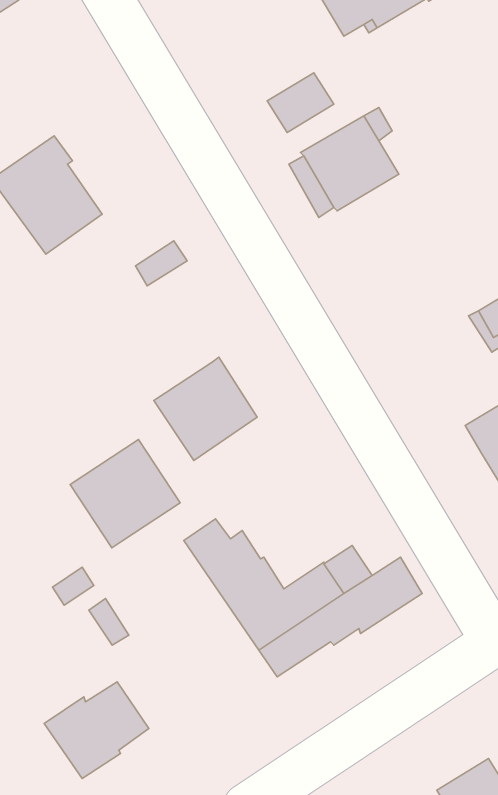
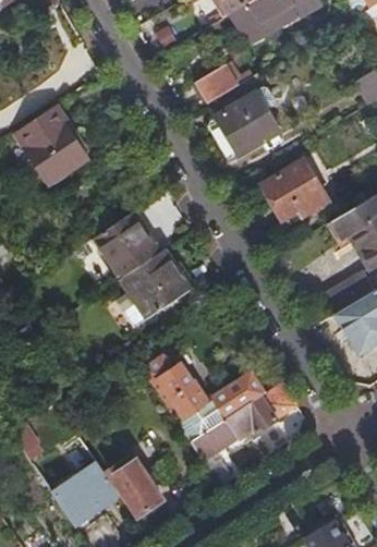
building: none -> [262,158,329,219]
building: [70,440,180,548] -> [87,212,159,283]
building: none -> [110,459,162,516]

